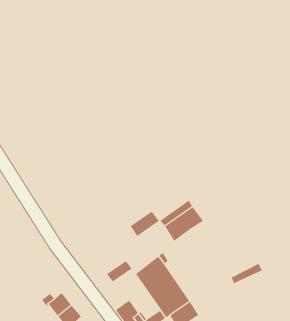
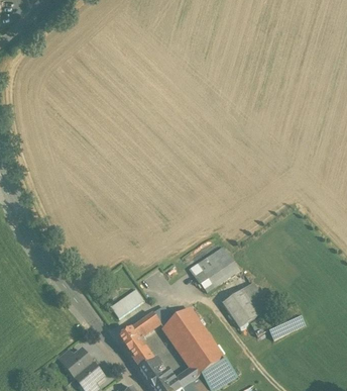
building: [130,211,160,237] -> [110,288,143,317]
building: none -> [222,282,269,328]
building: none -> [118,328,152,369]

